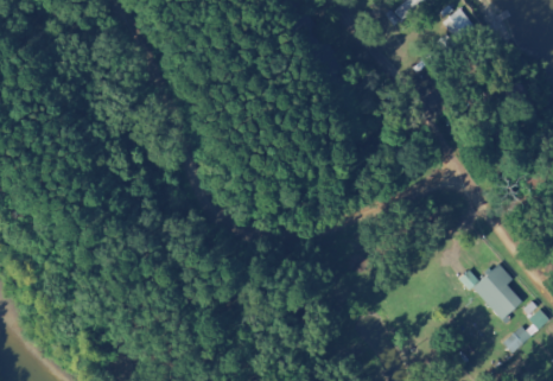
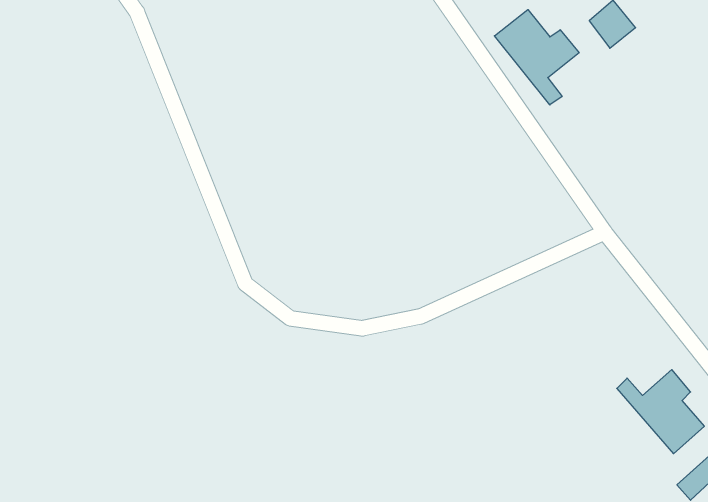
building: none -> [494,10,579,105]

